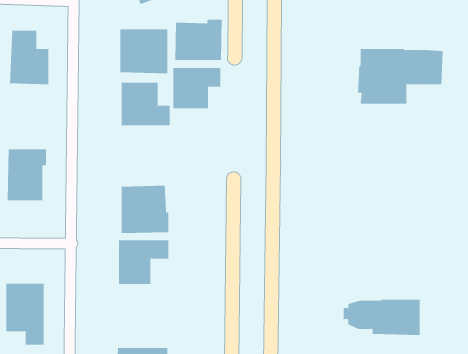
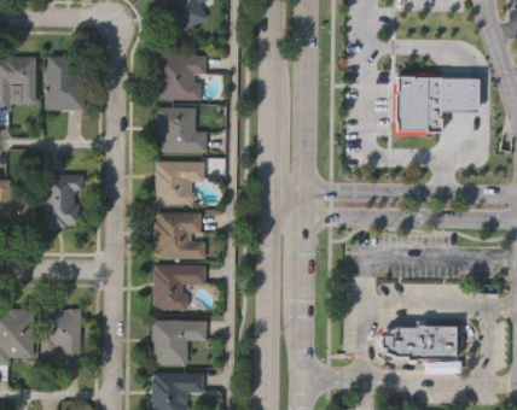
building: [175,19,222,61] -> none
building: [173,68,221,109] -> [155,162,203,203]
building: none -> [151,320,205,365]

